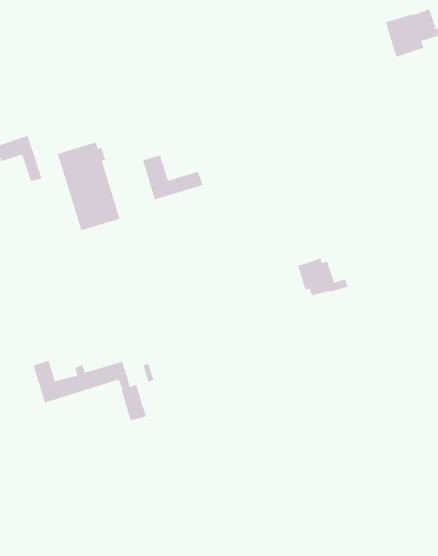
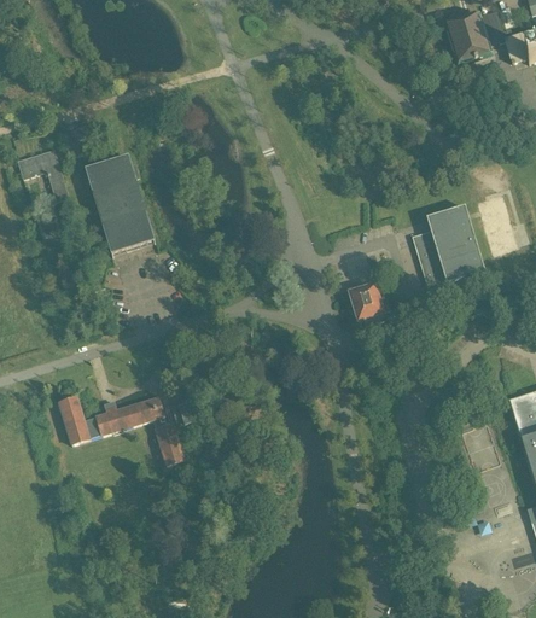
building: [142,154,204,200] -> none
building: none -> [413,205,485,284]

